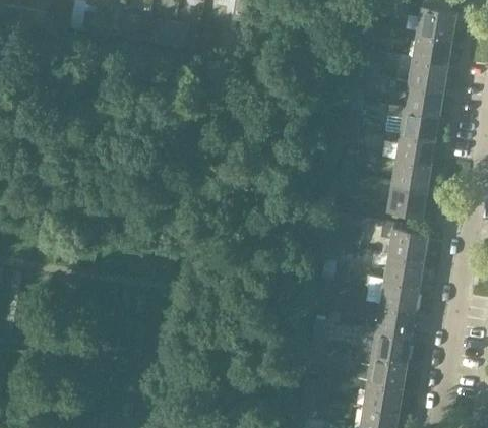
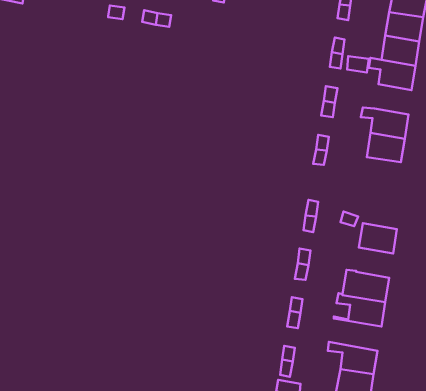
building: [388,105,439,138] -> none
building: [388,183,428,215] -> none
building: [381,220,428,258] -> none
building: [381,278,420,309] -> none
building: [353,352,408,385] -> none

